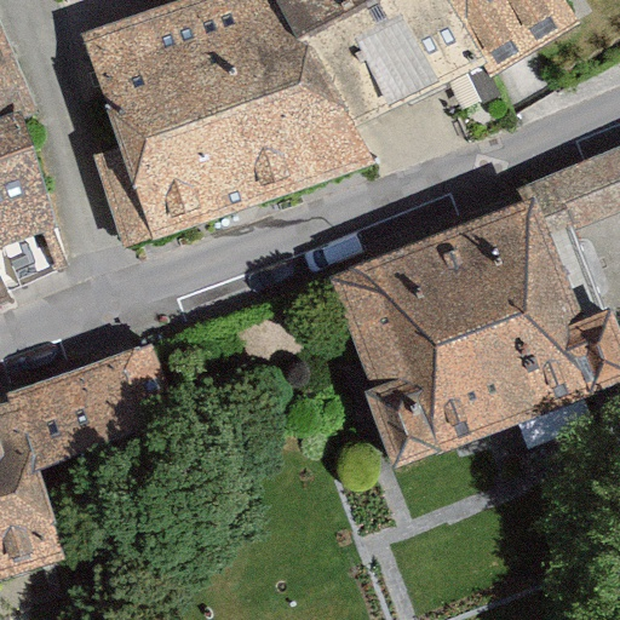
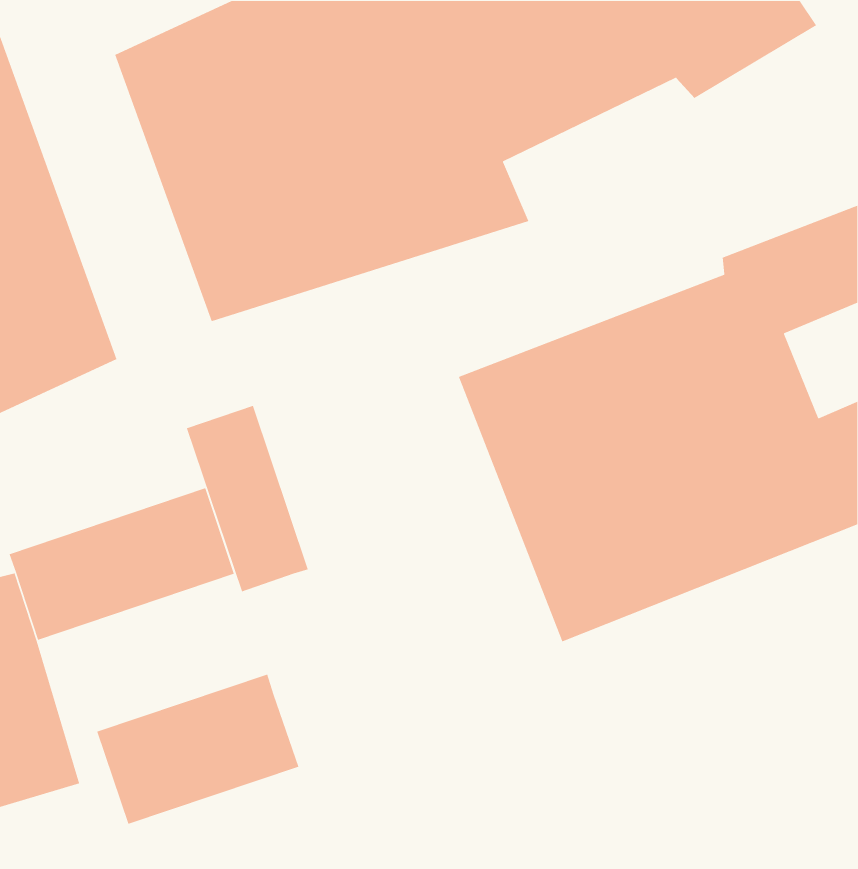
building: none -> [186,405,309,593]
building: none -> [96,673,300,825]

